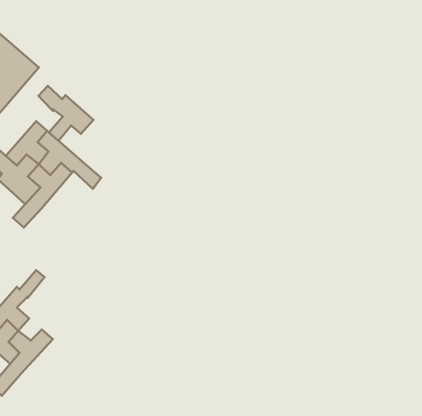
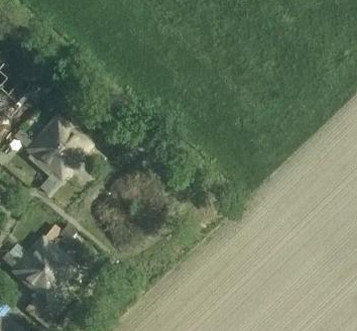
building: [38,86,93,141] -> none
building: none -> [39,241,73,273]

